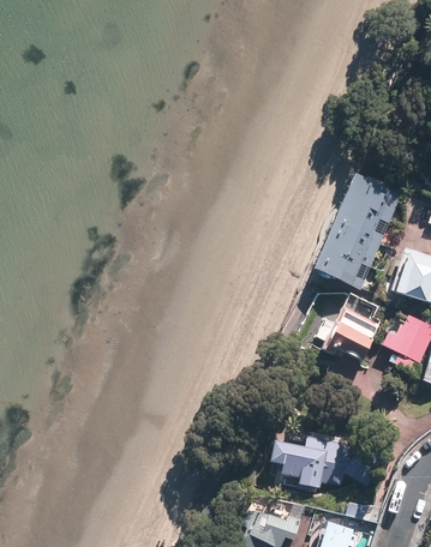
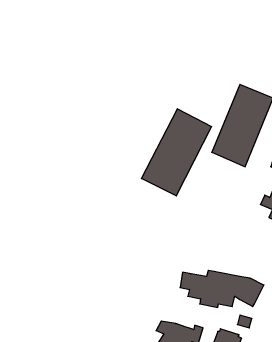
building: none -> [141,109,212,196]
building: [318,305,381,359] -> none

